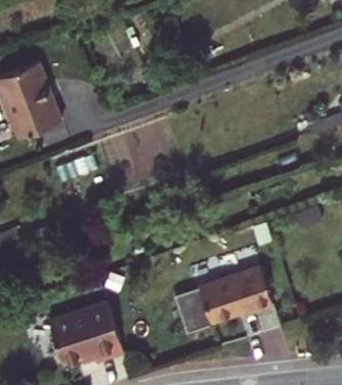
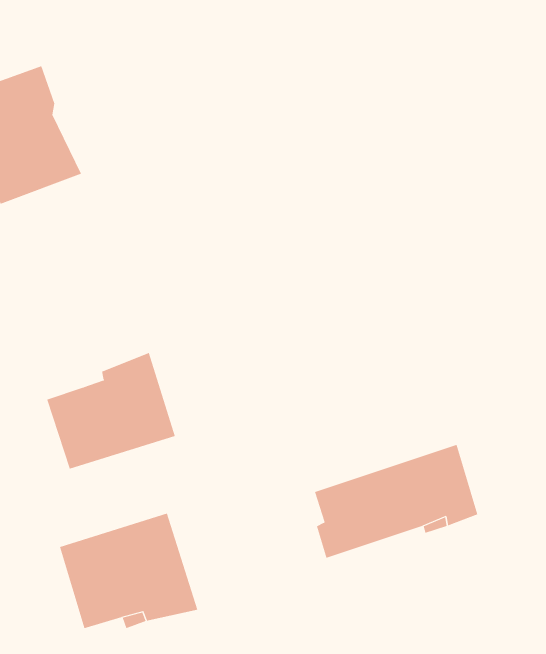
building: none -> [46,352,175,469]

